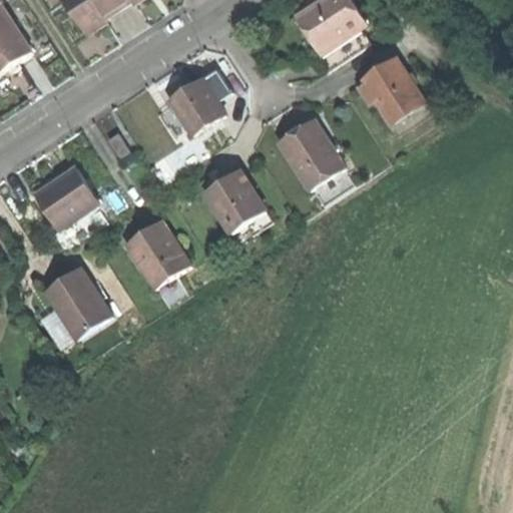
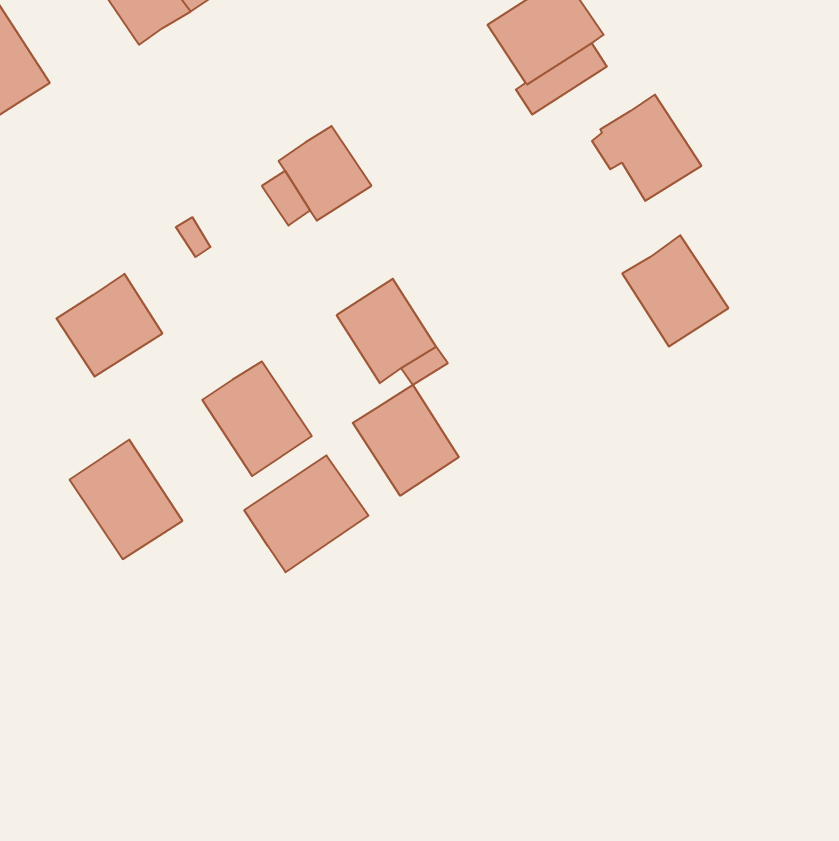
building: [281,121,345,188] -> [622,235,728,346]
building: none -> [353,385,459,496]
building: none -> [244,455,368,572]

